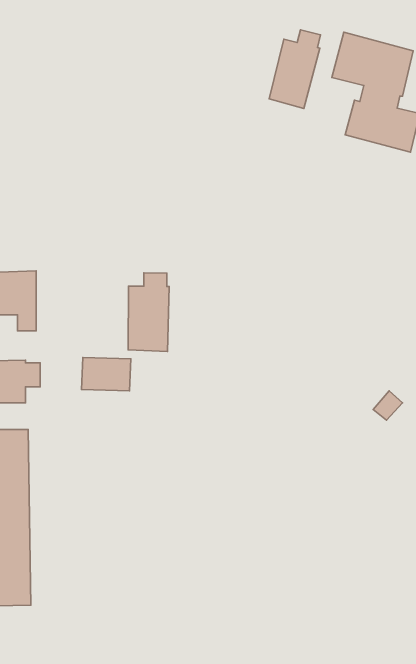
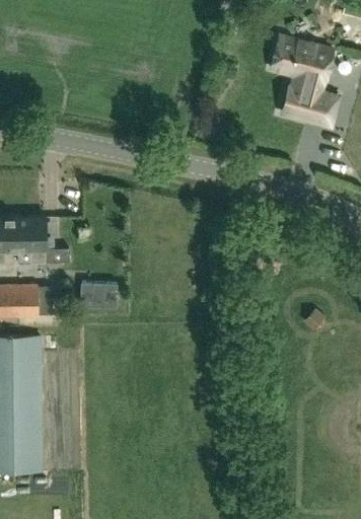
building: [269,30,321,109] -> none
building: [128,273,169,352] -> none

